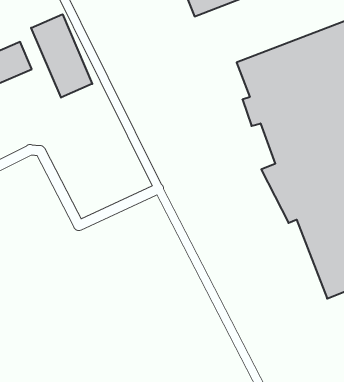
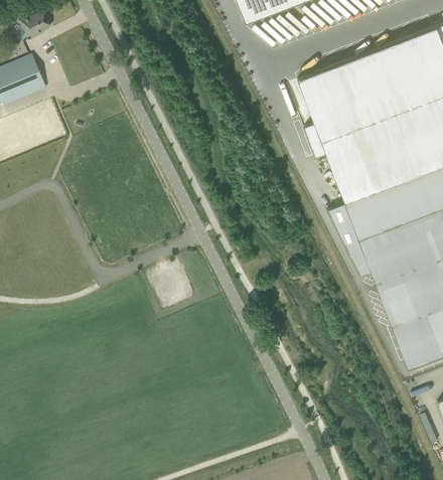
building: none -> [20,10,51,37]
building: [31,14,92,98] -> none

